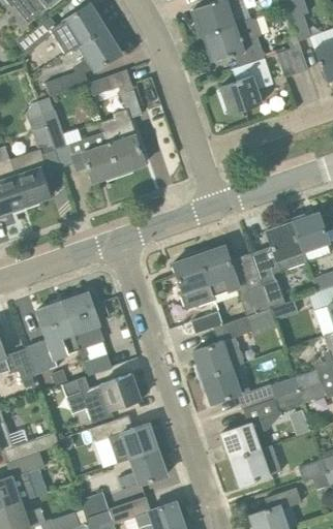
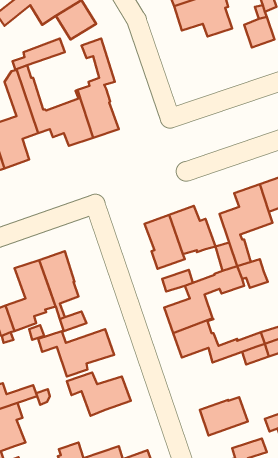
building: [220,59,273,115] -> none
building: [221,419,267,459] -> none
building: [118,449,168,491] -> none

